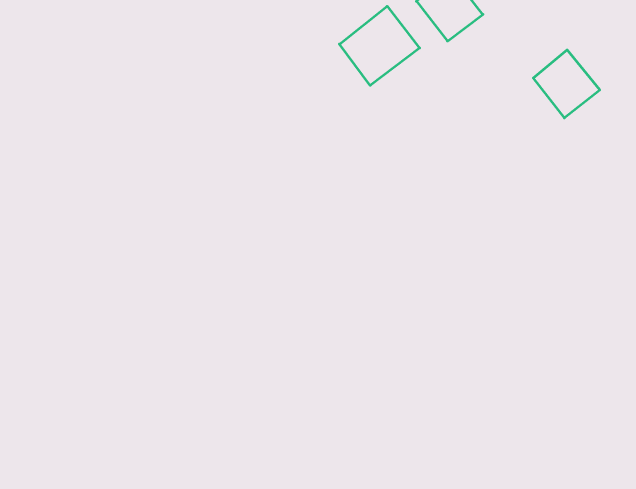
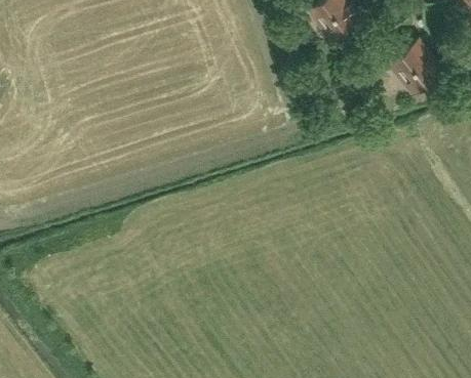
building: [339,6,420,85] -> none

